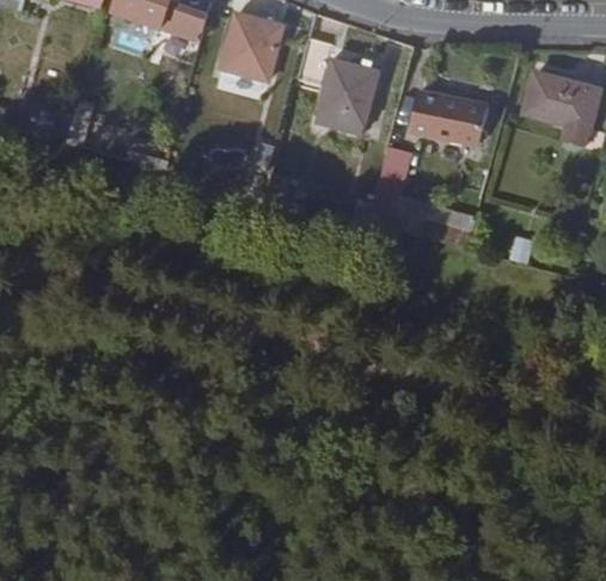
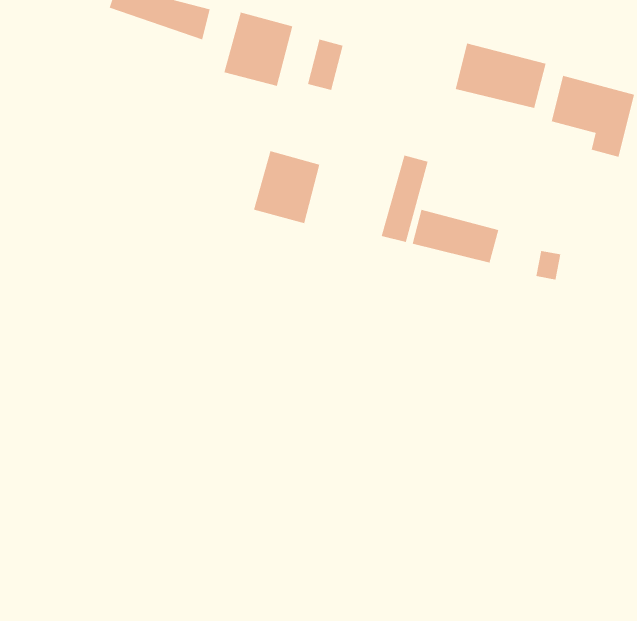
building: [316,57,378,126] -> [253,150,320,224]
building: [405,87,490,148] -> [455,43,546,109]

